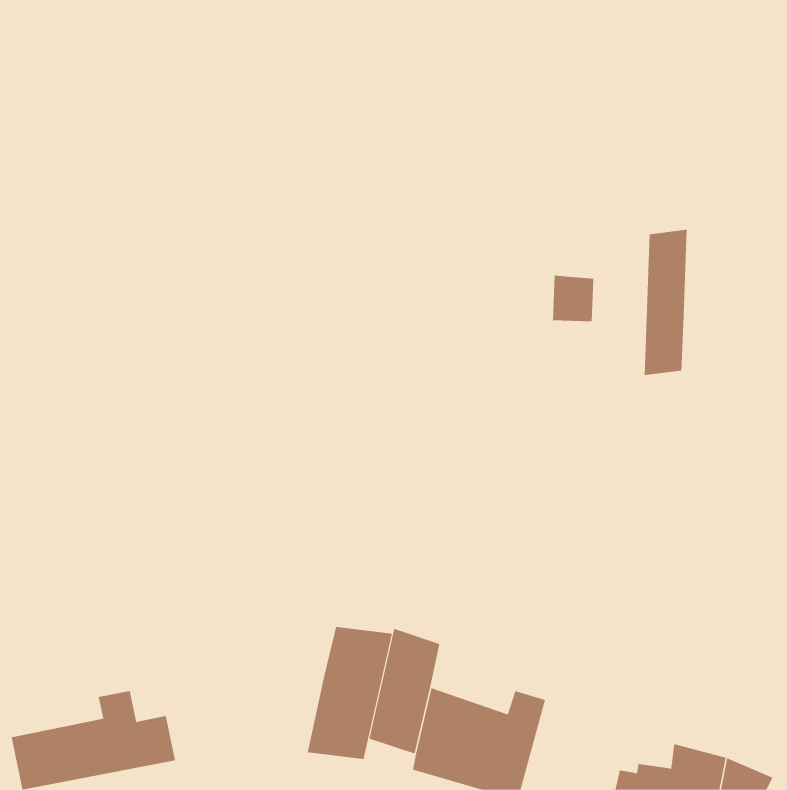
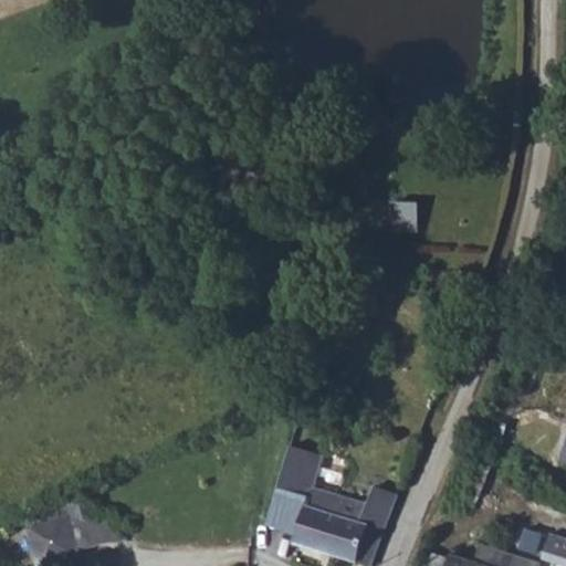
building: [644,229,687,376] -> none
building: [307,626,392,760] -> none

